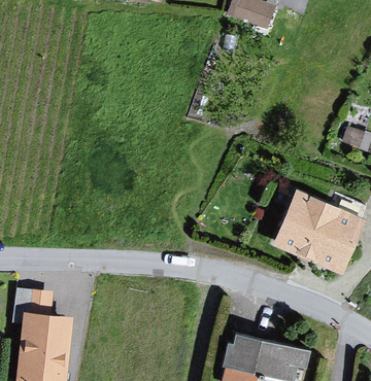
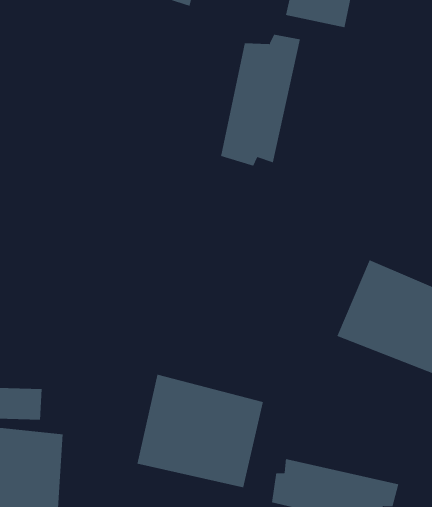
building: none -> [220,34,300,166]
building: none -> [137,374,263,488]

